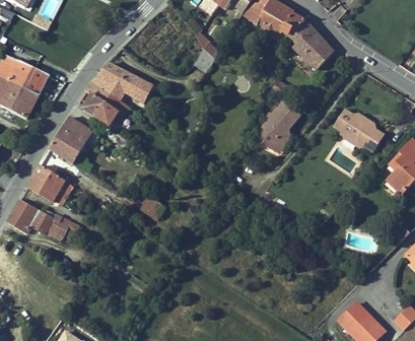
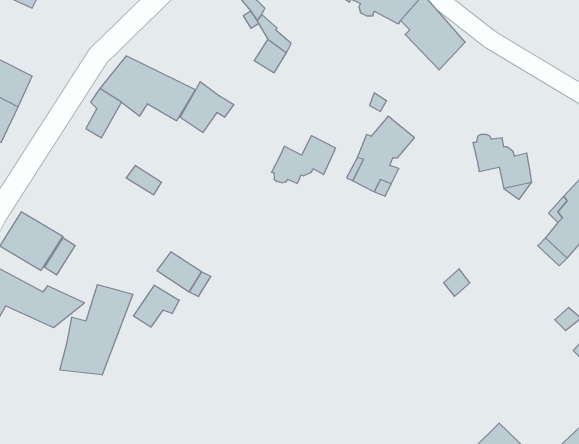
building: [93,91,129,125] -> [180,82,234,133]
building: none -> [271,136,335,184]
building: [49,115,99,164] -> none
building: none -> [60,285,133,375]
building: none -> [134,285,179,327]

